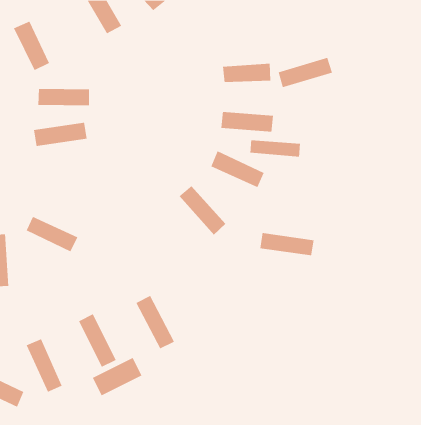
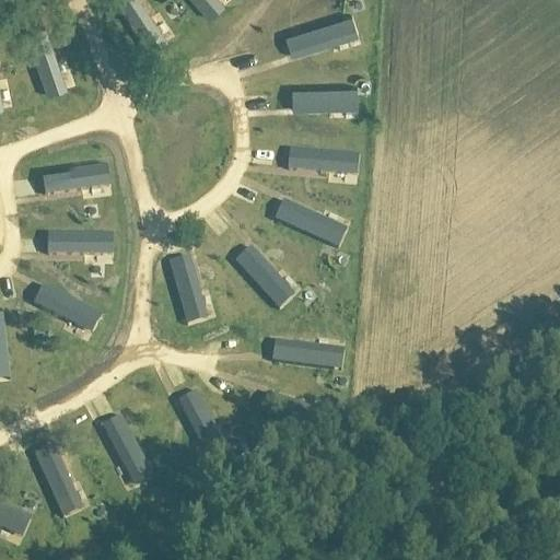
building: [278,57,333,88] -> [288,16,360,57]
building: [38,88,90,106] -> [46,230,115,253]
building: [250,140,300,158] -> none
building: none -> [170,254,208,323]
building: [259,233,314,256] -> [272,338,345,369]
building: [92,357,142,396] -> none

